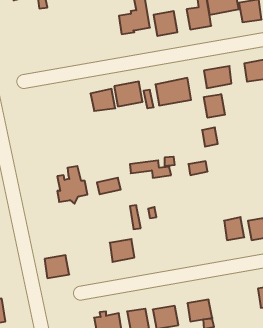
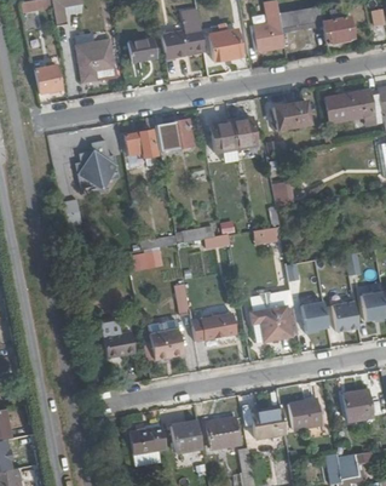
building: none -> [127,38,156,61]
building: none -> [75,45,114,81]
building: none -> [33,64,61,93]
building: [204,94,225,118] -> none
building: [57,166,87,204] -> [80,139,120,189]
building: none -> [249,290,299,339]
building: none -> [191,311,237,341]
building: [45,255,69,278] -> [103,331,136,361]
building: none -> [292,399,323,429]

